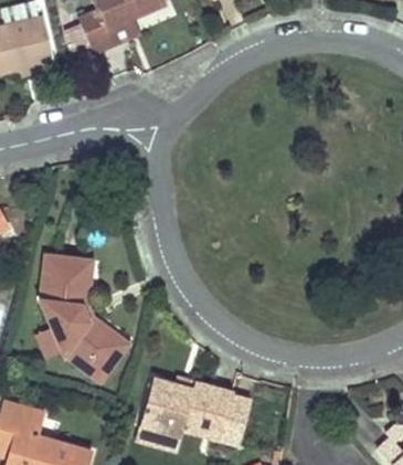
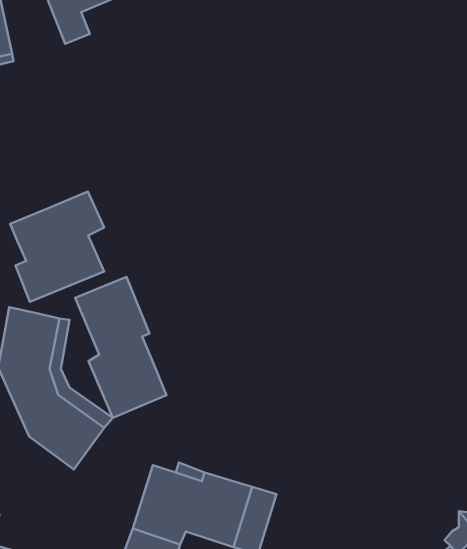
building: none -> [10,192,104,302]
building: none -> [75,277,167,418]

